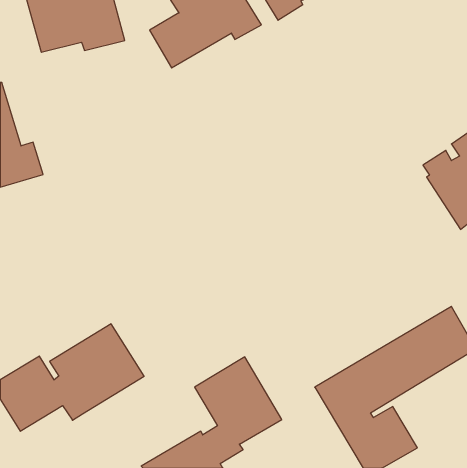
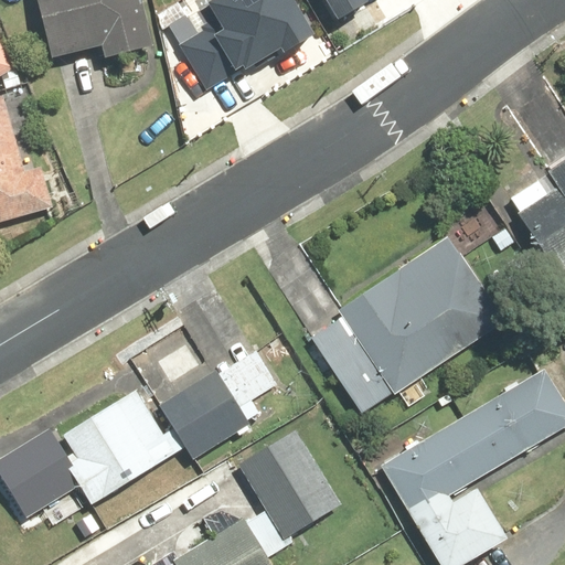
building: none -> [309,236,504,413]
building: none -> [157,349,279,460]

